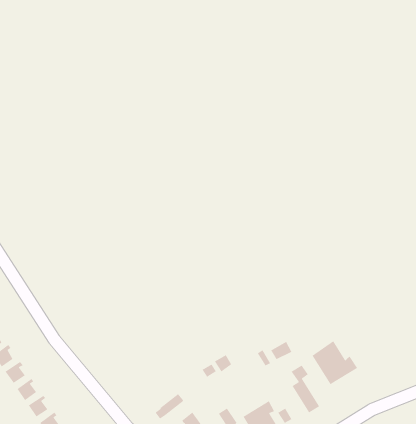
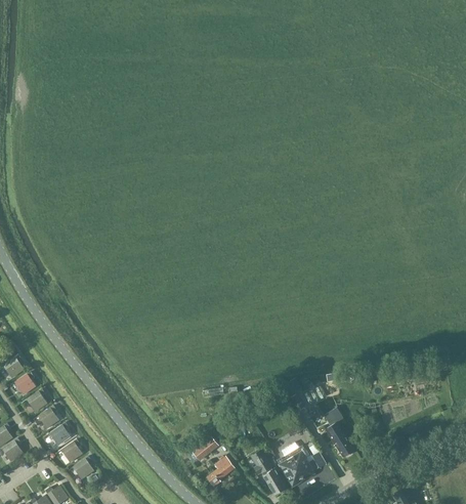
building: [312,340,358,385] -> none

